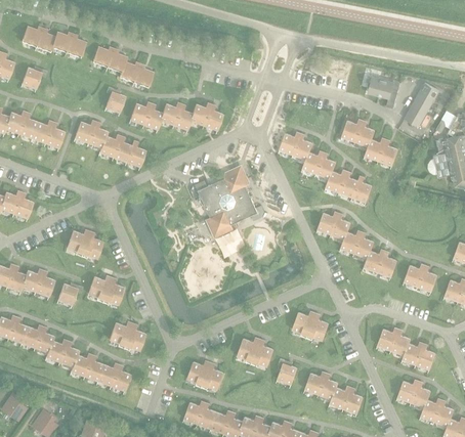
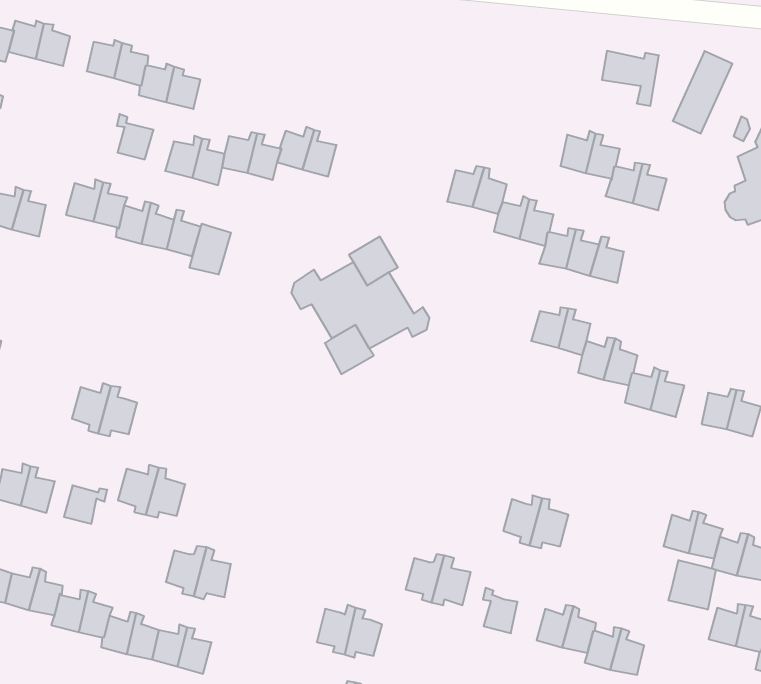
building: none -> [189,224,231,275]
building: none -> [668,560,716,610]

